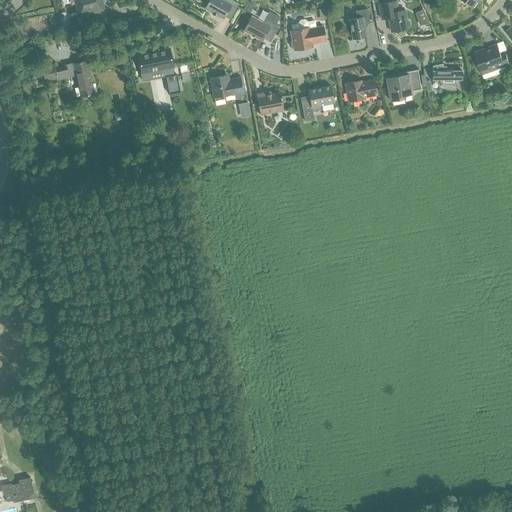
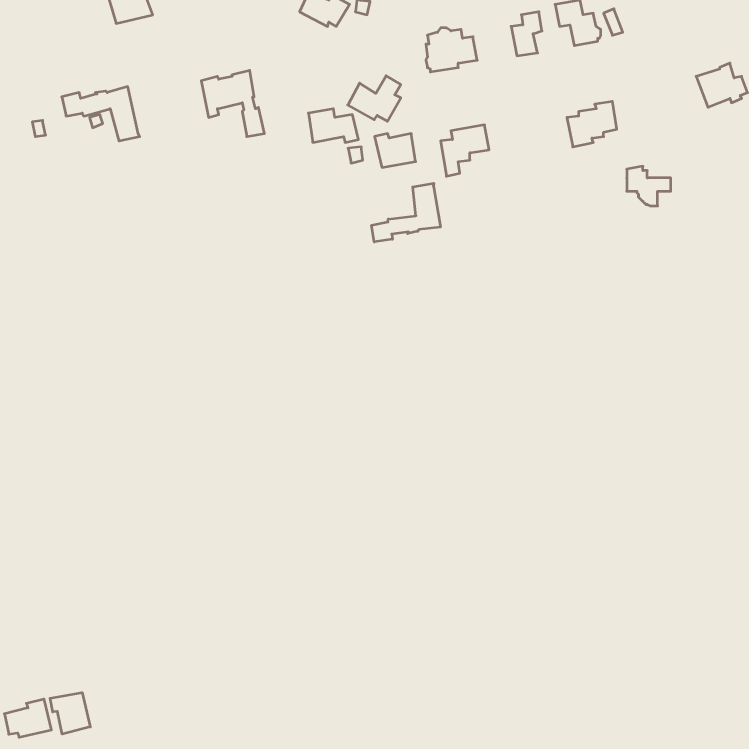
building: [243,10,279,41] -> [348,76,401,121]
building: [432,62,462,89] -> [627,166,671,206]
building: [345,79,377,101] -> none
building: none -> [372,183,440,242]
building: none -> [50,693,90,734]

